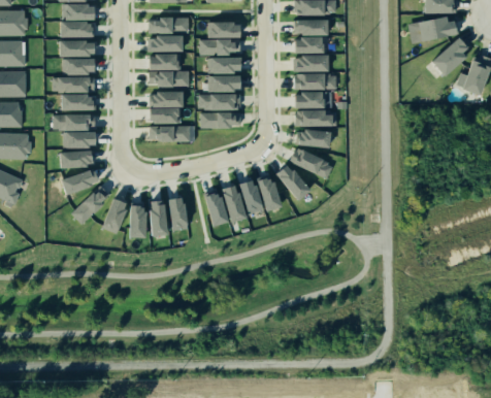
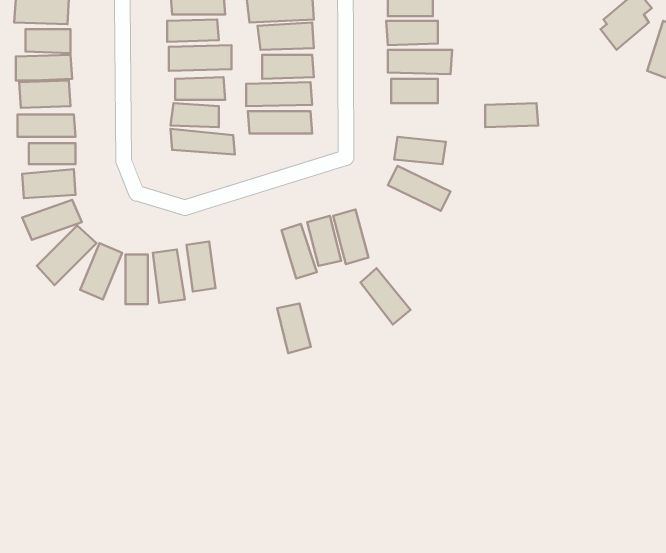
building: [296,110,330,126] -> [485,103,538,127]
building: [274,162,306,198] -> [361,268,410,324]
building: [206,195,228,227] -> [277,303,311,353]

